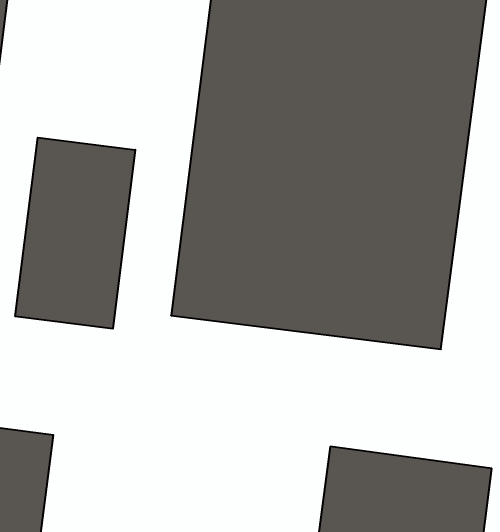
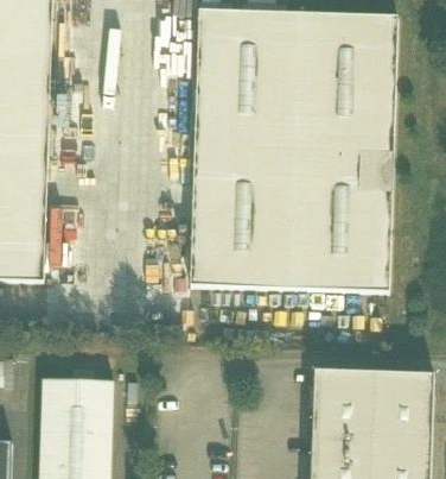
building: [15,138,135,329] -> none

